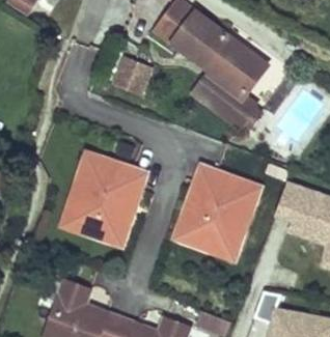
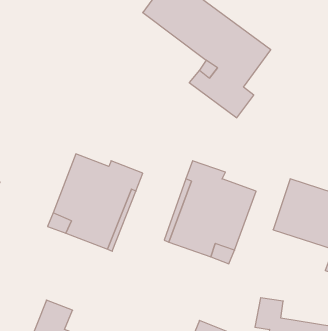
building: [108,53,153,97] -> none

